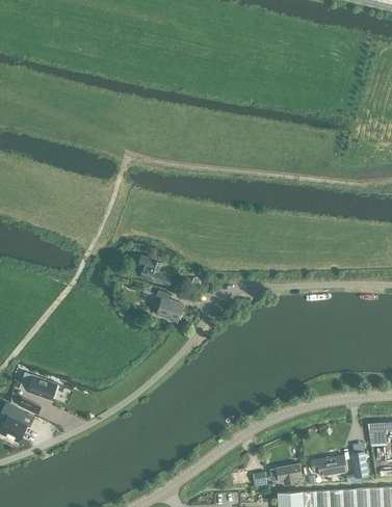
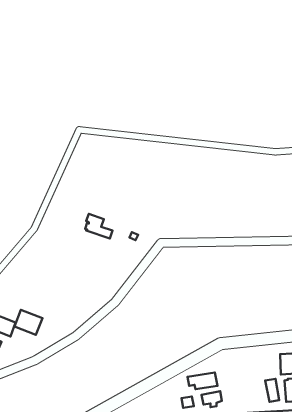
building: [157,290,183,322] -> none
building: none -> [14,310,43,335]
building: [311,456,346,476] -> [188,373,218,389]

